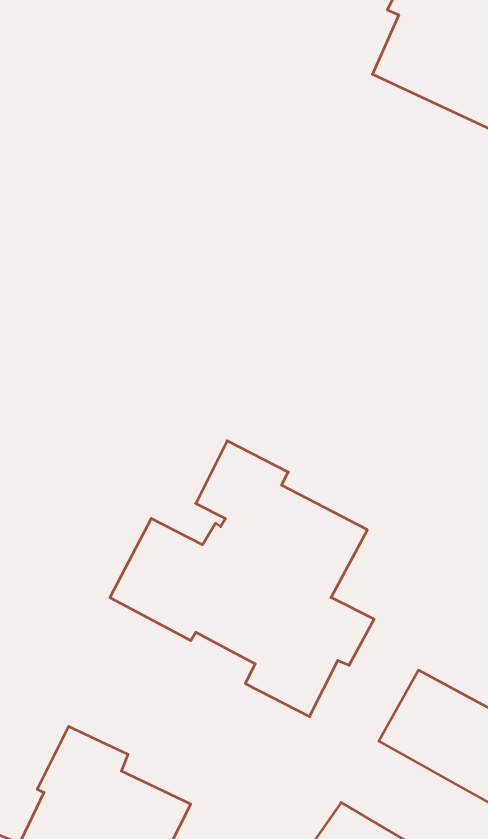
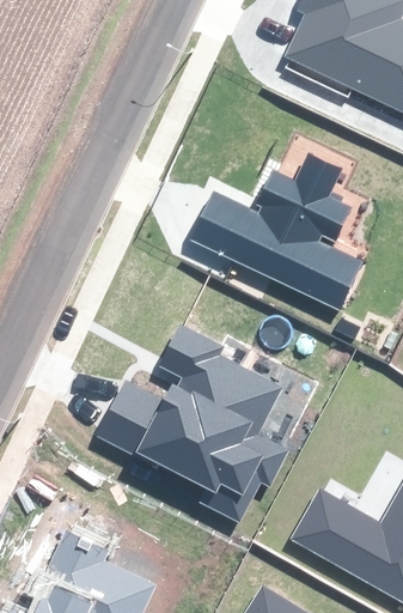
building: none -> [191,150,364,309]

